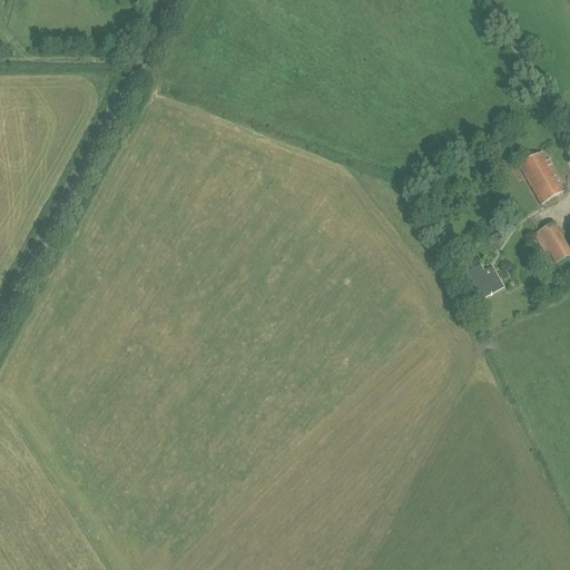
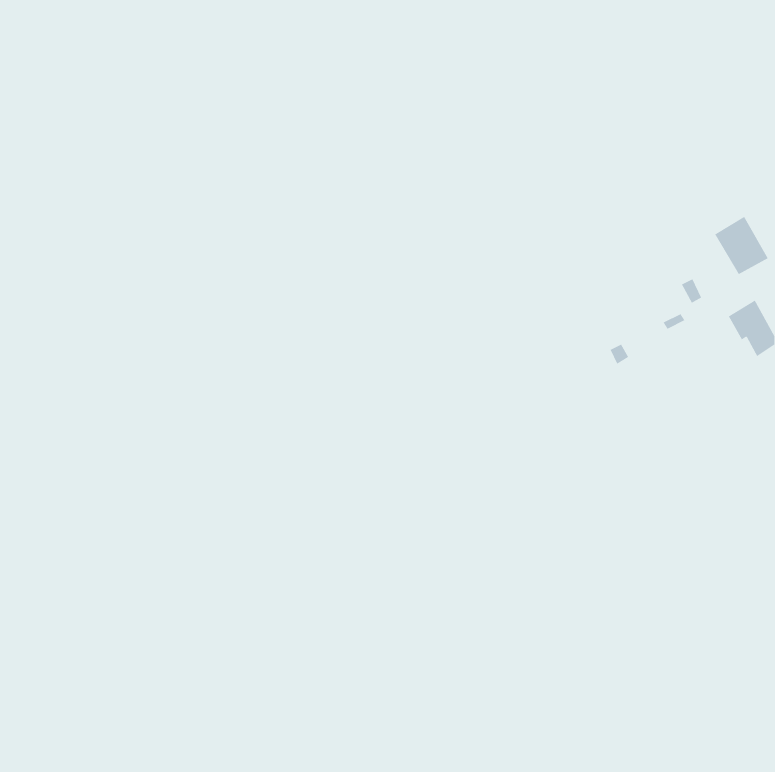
building: [463,263,502,296] -> none

